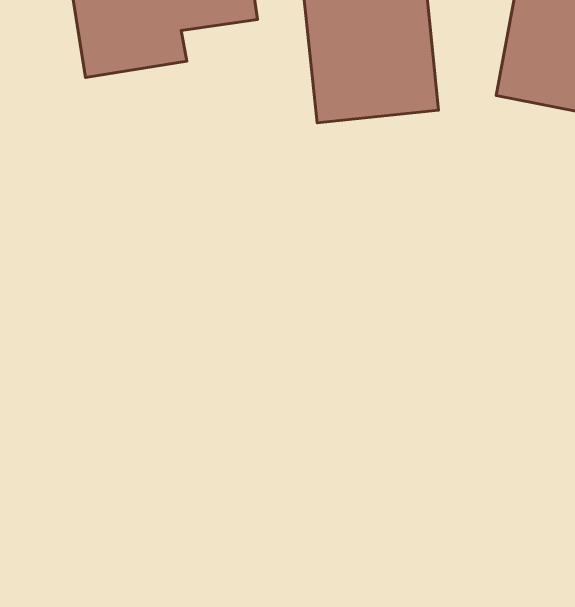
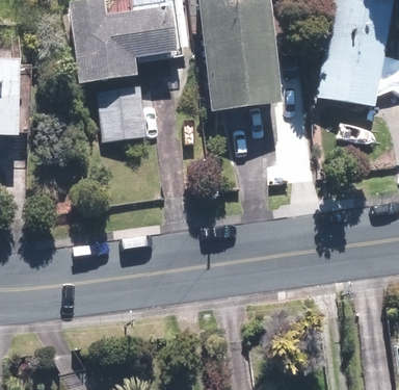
building: none -> [95,87,144,141]

